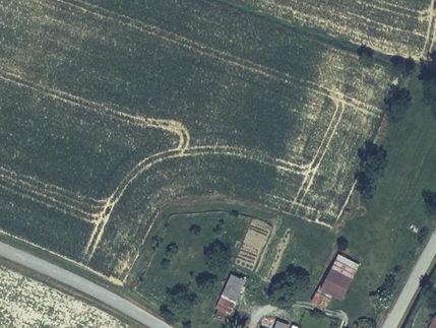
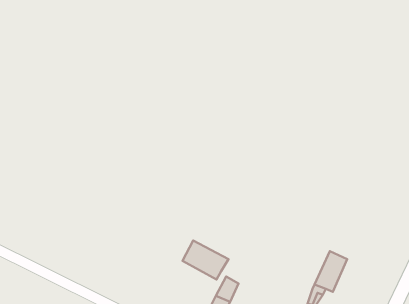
building: none -> [183,240,229,279]

